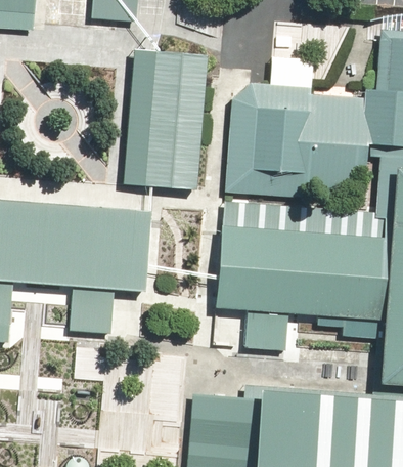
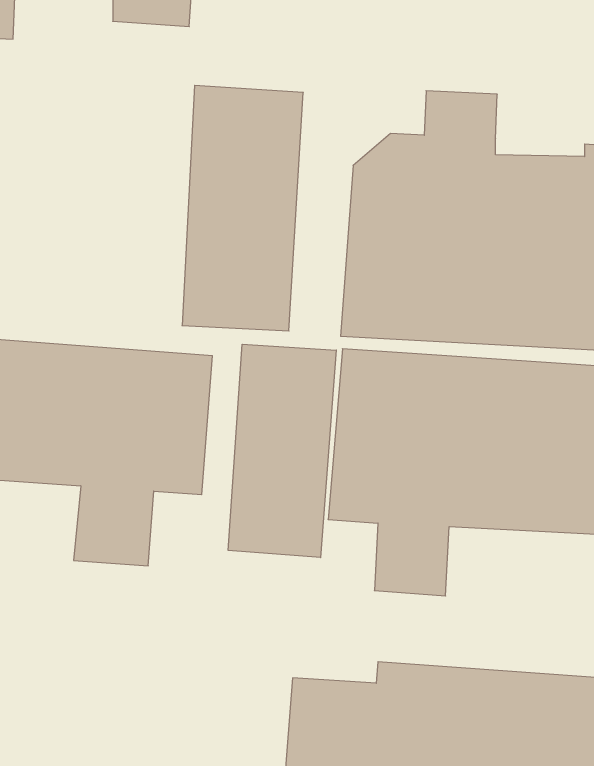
building: none -> [228,344,336,558]

